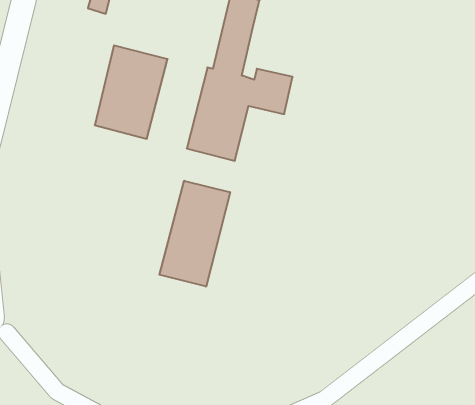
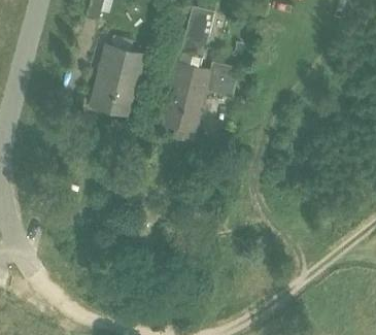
building: [159,181,230,287] -> none

